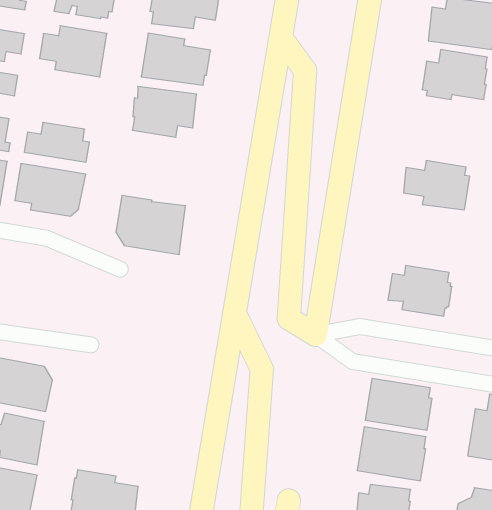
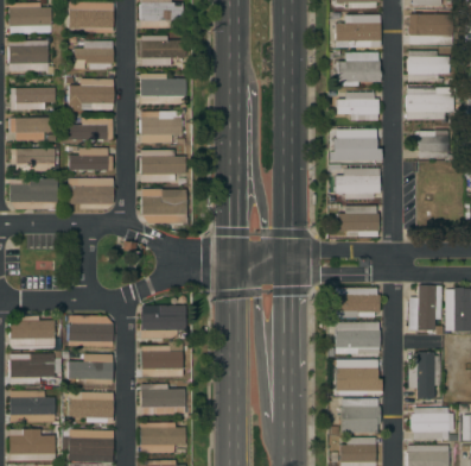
building: none -> [65,116,113,139]
building: none -> [337,92,380,120]
building: none -> [140,150,186,182]
building: none -> [332,164,381,199]
building: none -> [140,306,186,338]
building: none -> [140,346,184,377]

